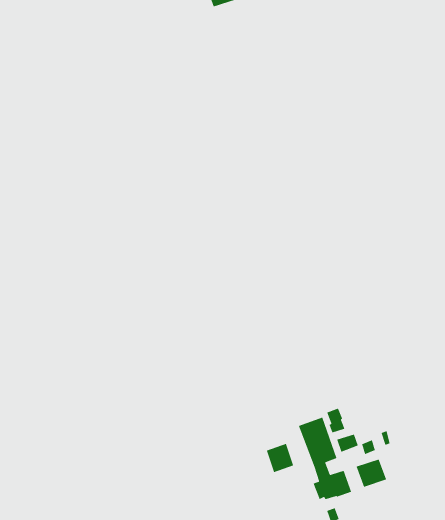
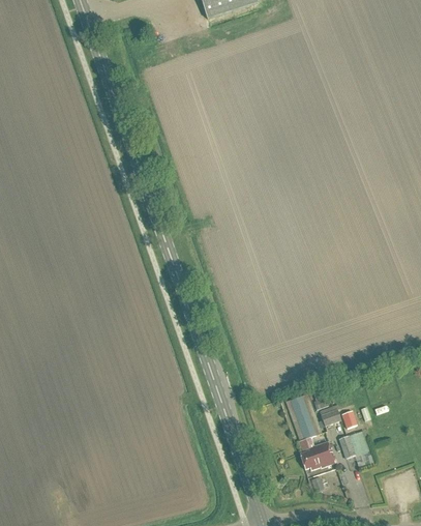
building: [266,443,294,473] -> none

